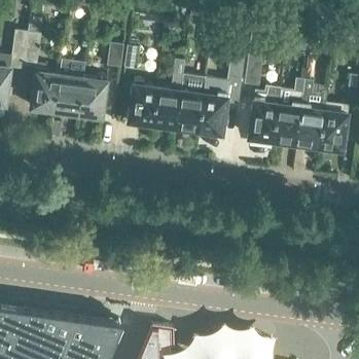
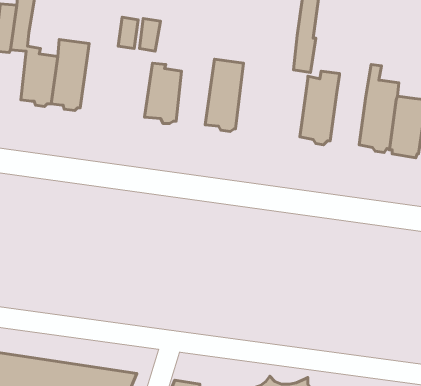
building: [200,47,246,137] -> none
building: [153,62,185,131] -> none
building: [78,77,107,120] -> none
building: [274,80,306,147] -> none

